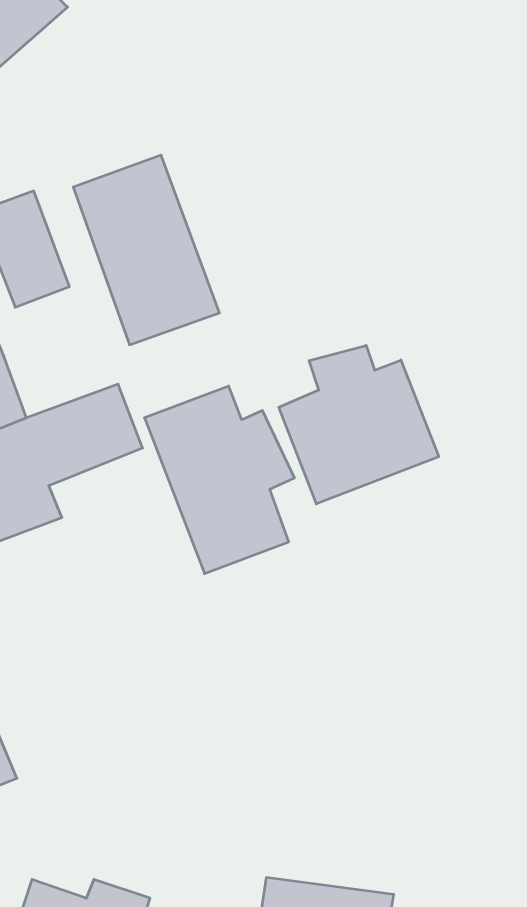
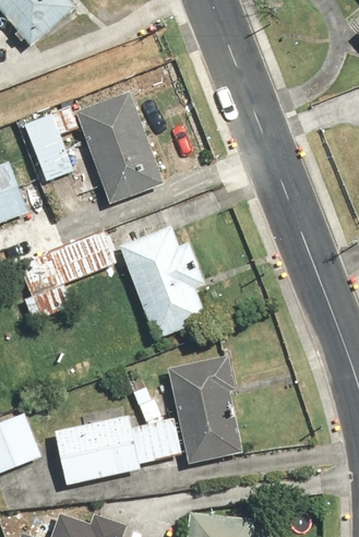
building: [279,345,439,504] -> none
building: none -> [55,358,243,485]

